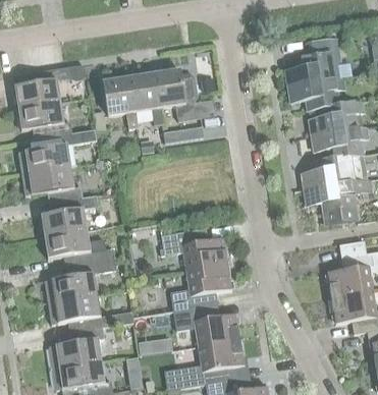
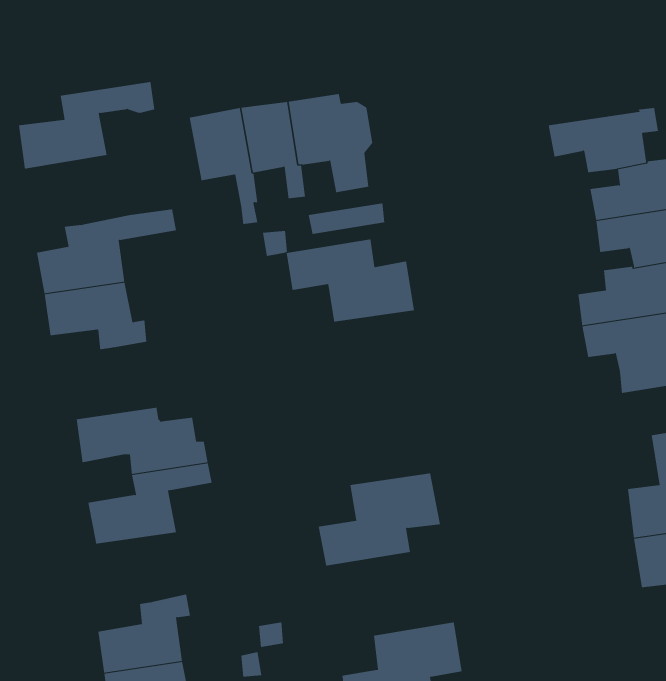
building: [285,39,339,87] -> none
building: [18,102,72,137] -> none
building: [41,195,99,237] -> none
building: [161,228,227,271] -> [286,239,415,322]
building: [55,295,134,331] -> none
building: [173,305,239,348] -> none

